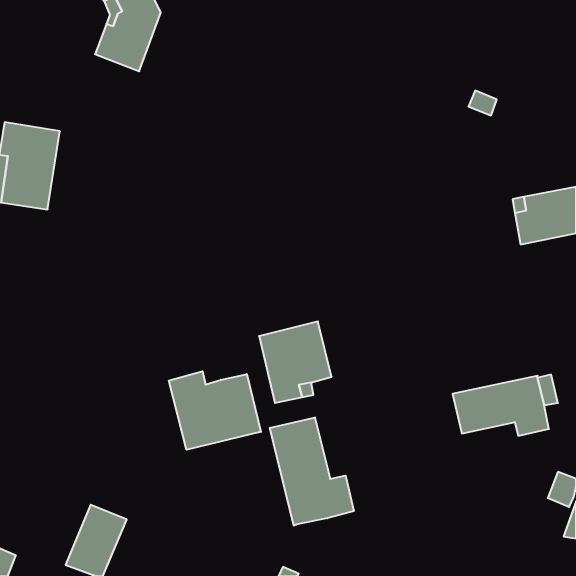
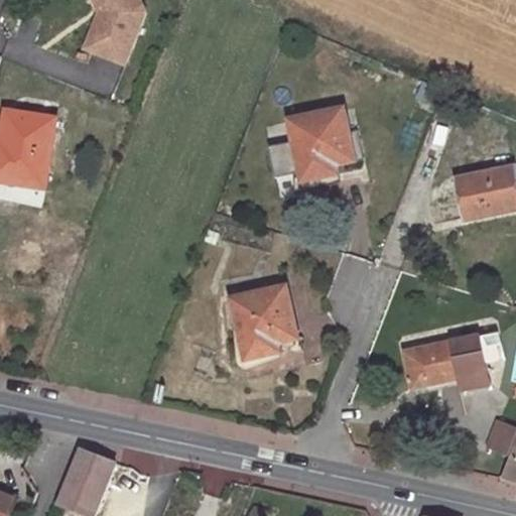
building: none -> [268,108,363,180]
building: [169,371,261,450] -> none
building: [270,417,354,526] -> none

